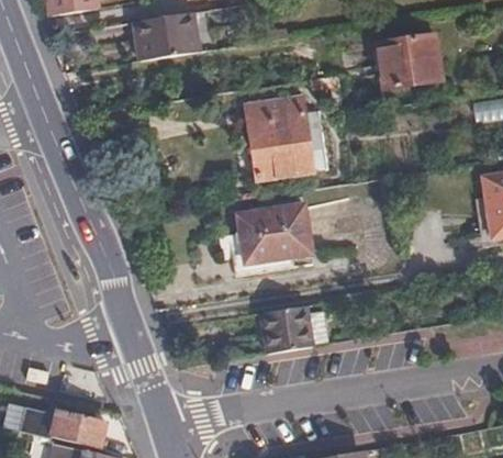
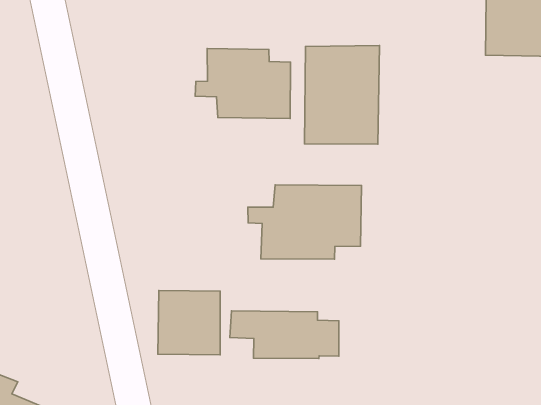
building: none -> [195,48,290,119]
building: none -> [158,290,220,355]

